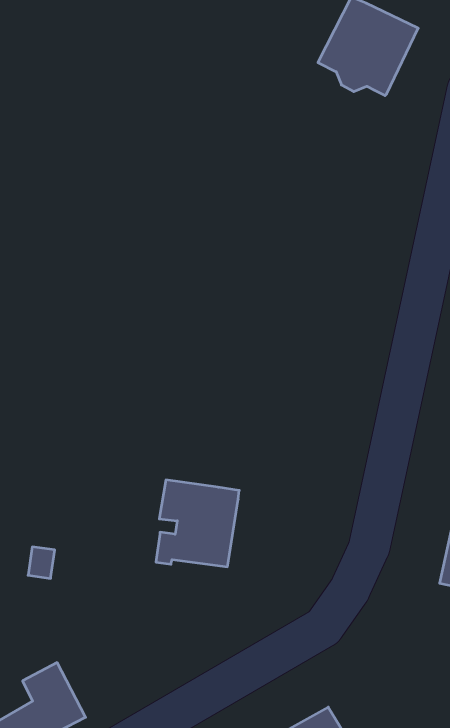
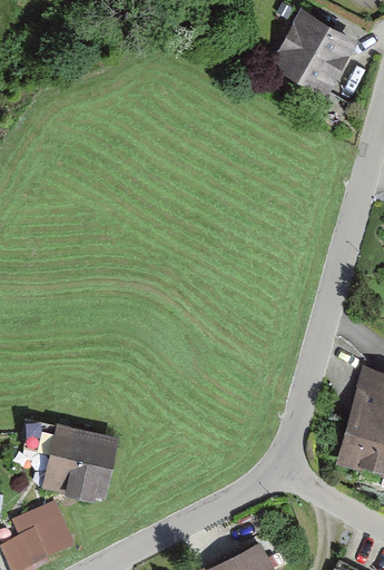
building: [156,480,239,567] -> [46,426,111,494]

